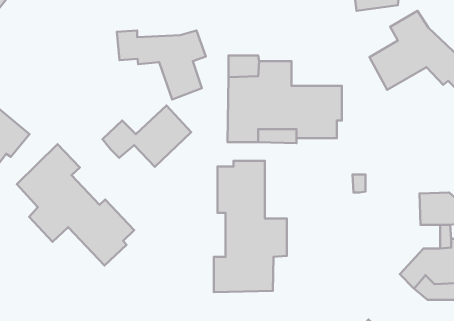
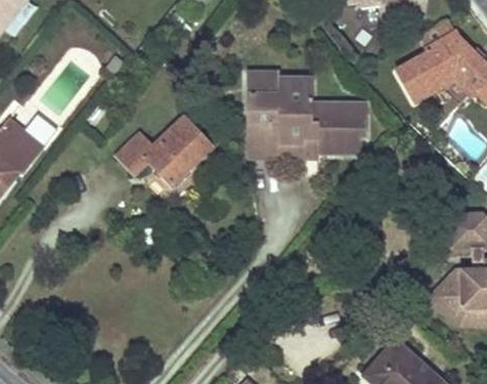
building: [117,30,206,100] -> none
building: [17,144,134,266] -> none
building: [214,161,287,292] -> none

